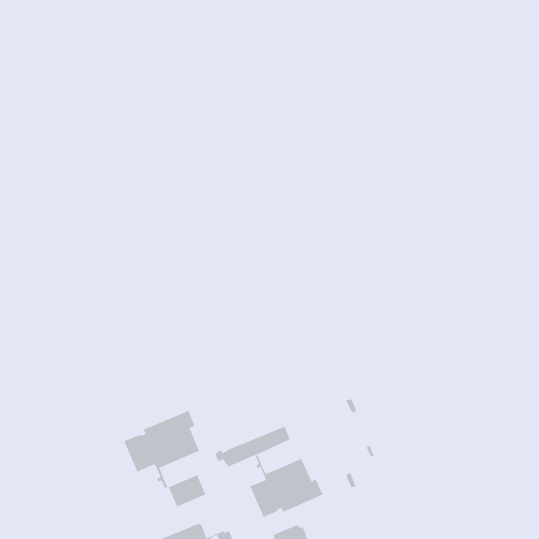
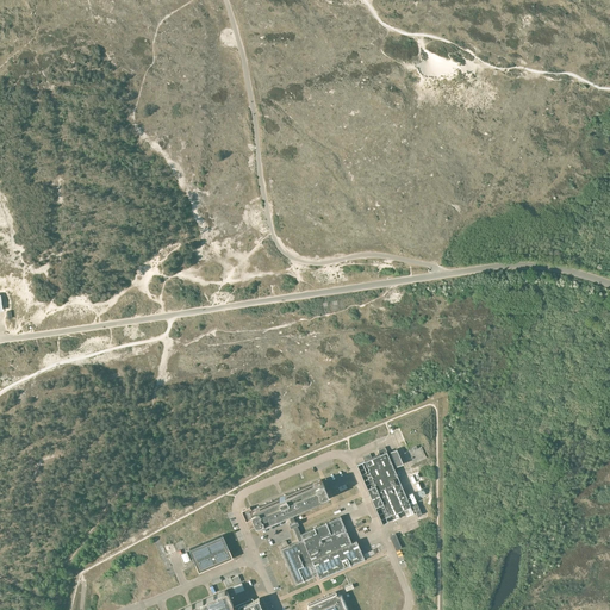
building: none -> [363,448,411,524]
building: [123,410,200,489] -> none

